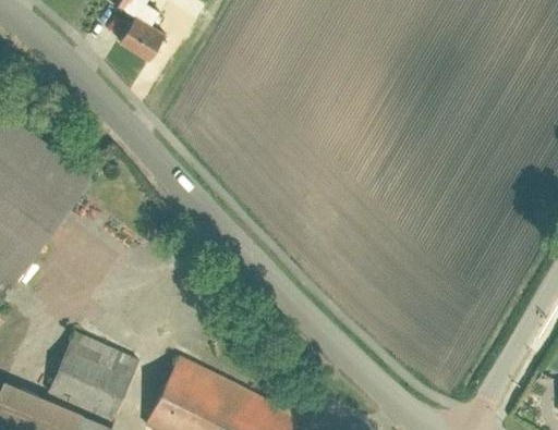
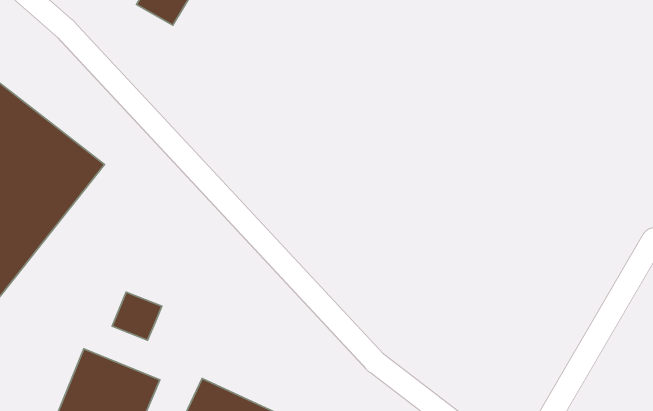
building: none -> [112,292,162,340]

